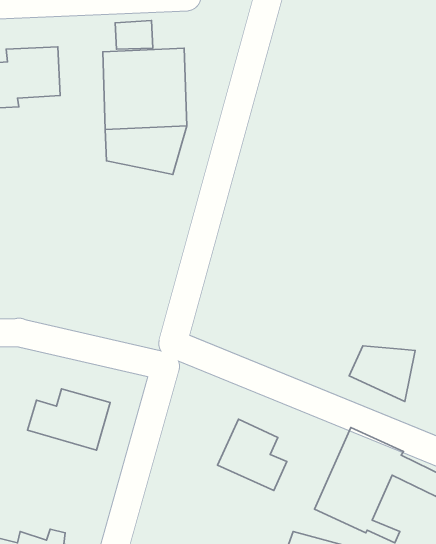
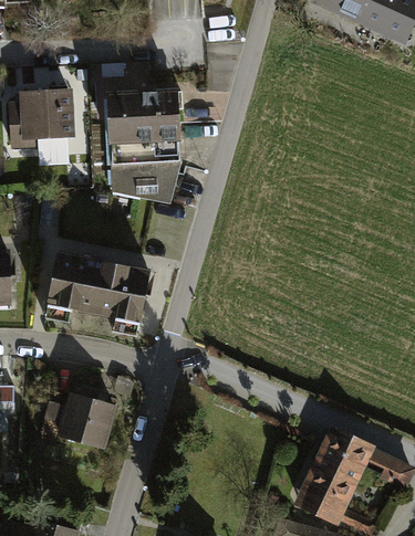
building: none -> [48,252,149,320]
building: [349,346,415,402] -> none
building: [217,419,287,491] -> none

